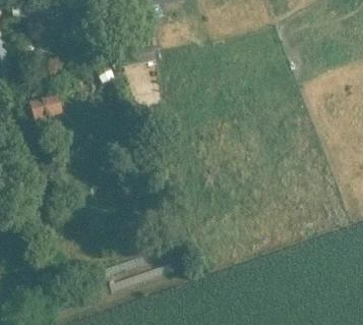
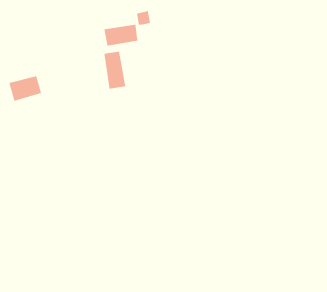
building: none -> [104,51,126,90]

